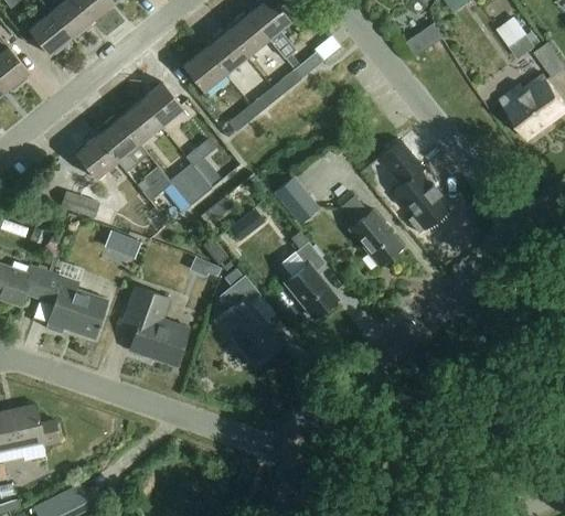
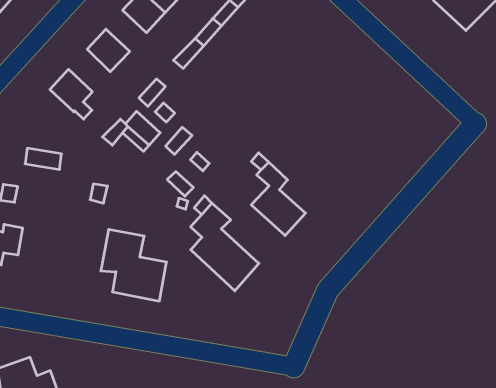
building: [118,99,160,143] -> none
building: [74,135,117,179] -> none
building: [381,139,448,230] -> none
building: [271,179,318,226] -> none
building: [339,195,403,266] -> none
building: [39,271,107,337] -> none

